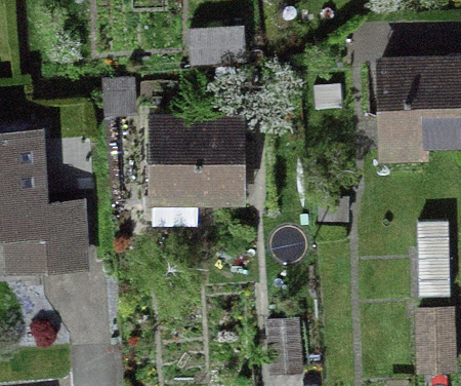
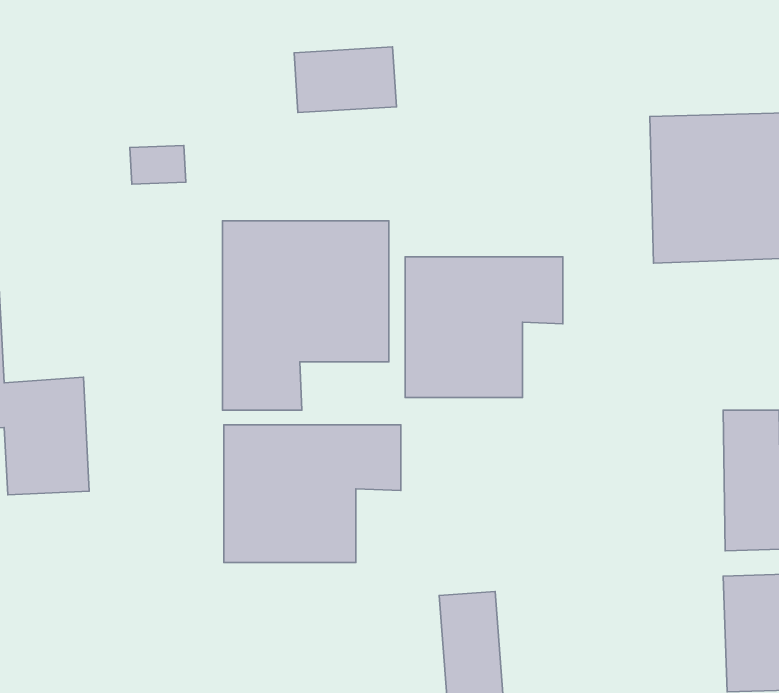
building: none -> [405,257,563,397]
building: none -> [224,425,401,562]

